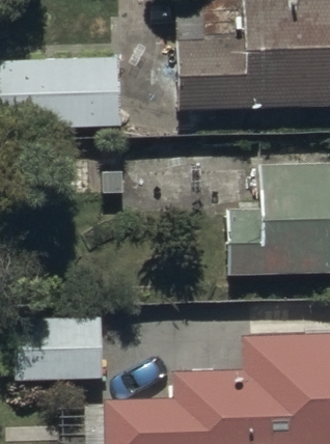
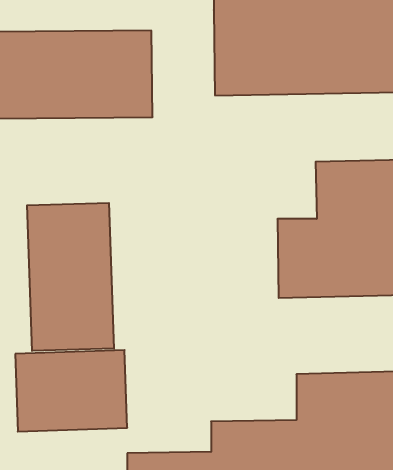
building: none -> [27,203,114,351]

